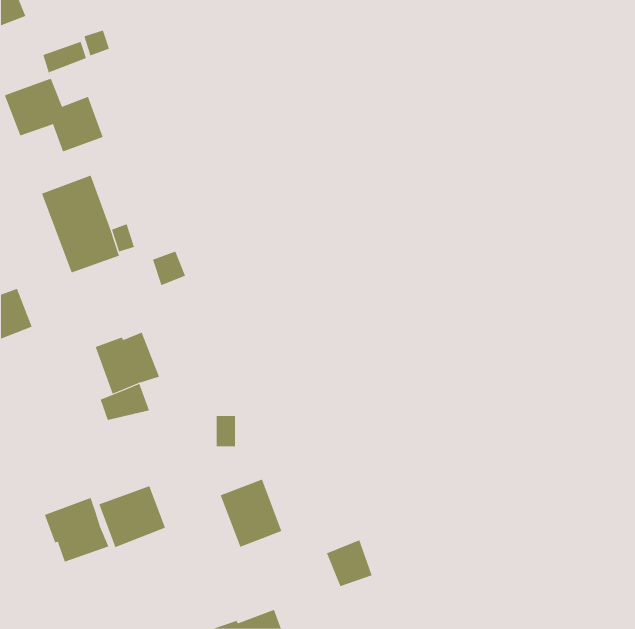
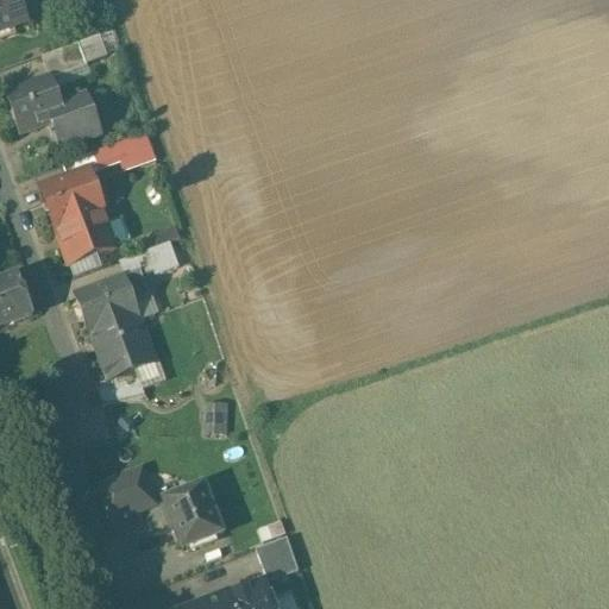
building: none -> [93,136,139,164]
building: none -> [76,269,150,332]
building: [220,479,282,547] -> [164,481,224,546]
building: [44,497,109,562] -> none
building: [326,539,372,587] -> [256,533,300,578]

